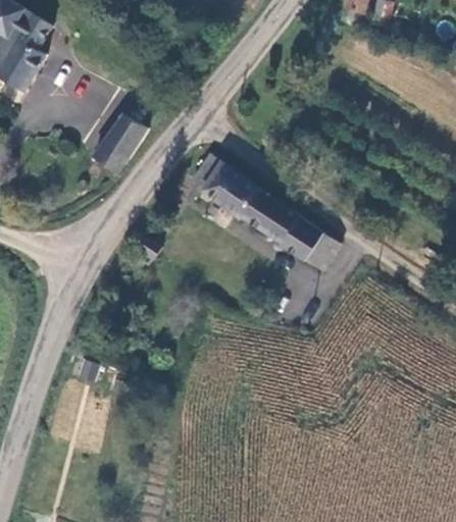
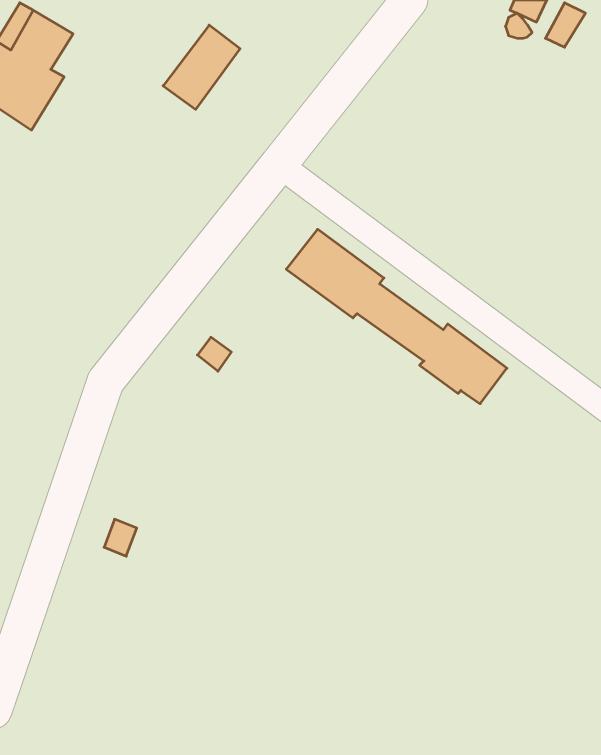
building: [90,111,143,169] -> [163,25,240,109]

